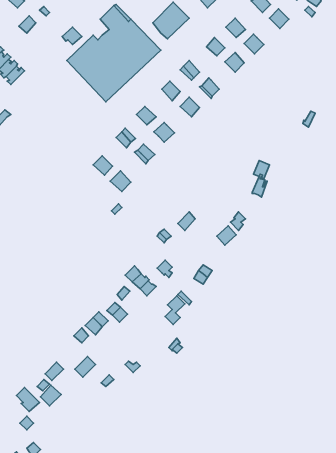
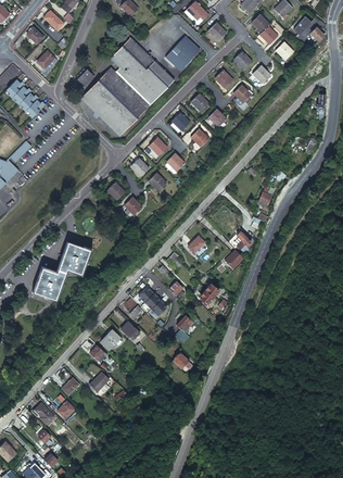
building: none -> [33,241,87,300]

